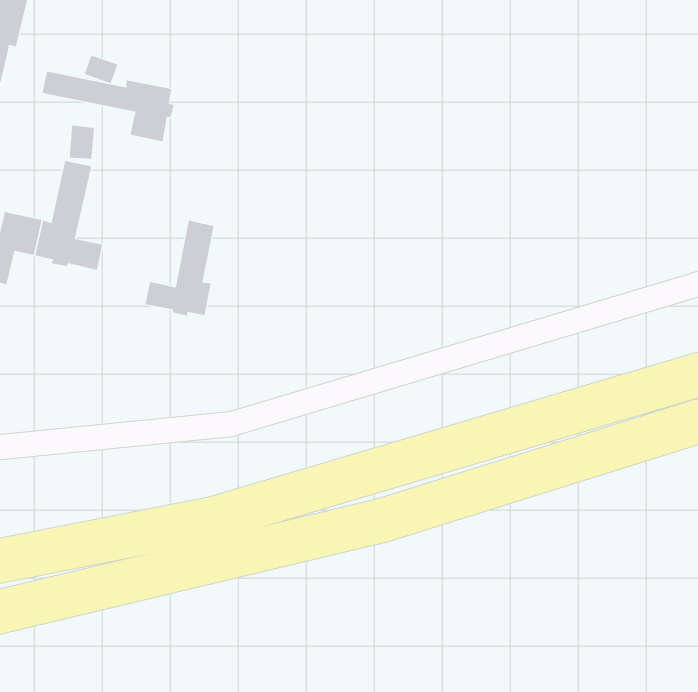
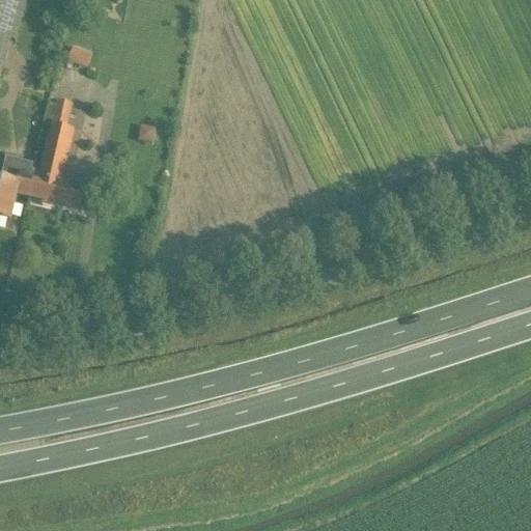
building: [42,71,175,142] -> none
building: [145,220,214,317] -> none

